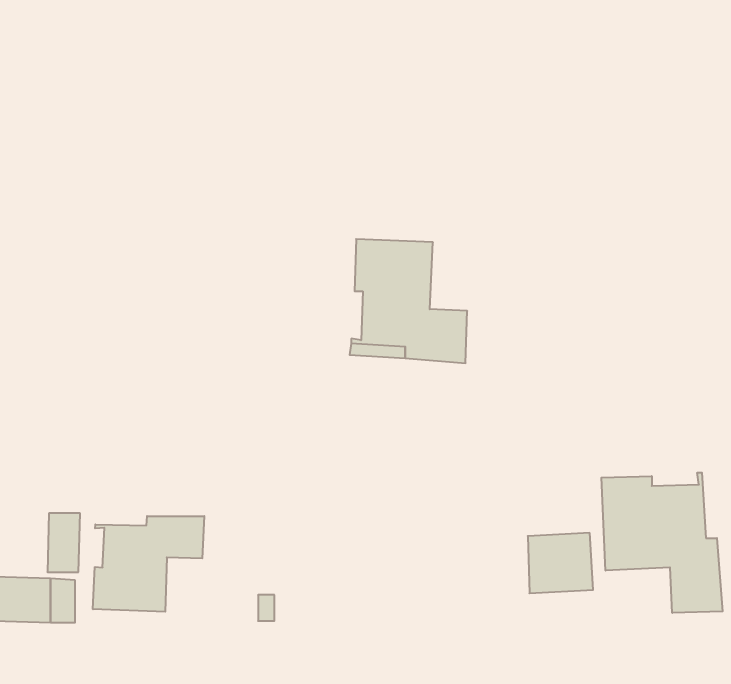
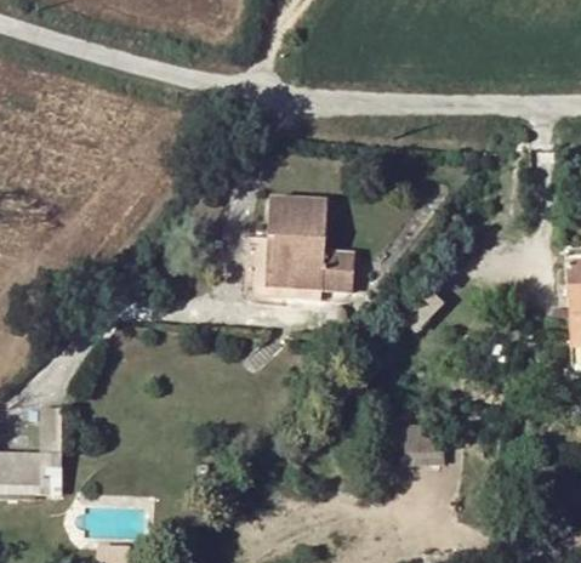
building: [601,473,723,613] -> none
building: [93,516,204,612] -> none

